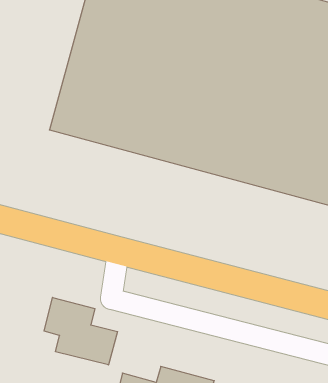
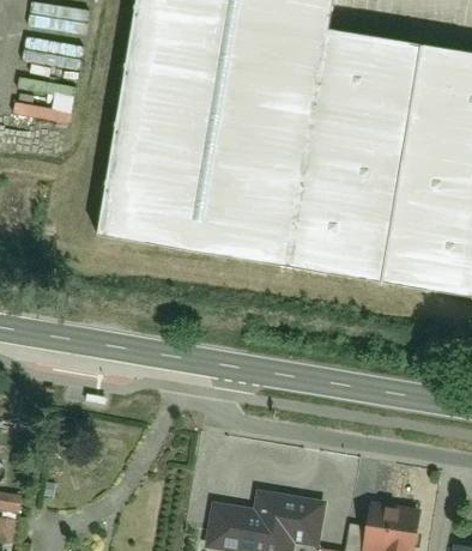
building: [44,297,118,365] -> none

